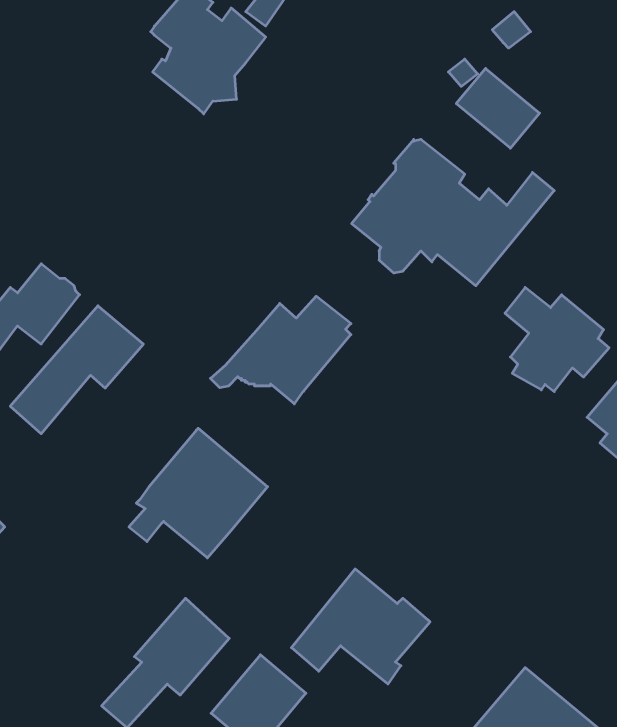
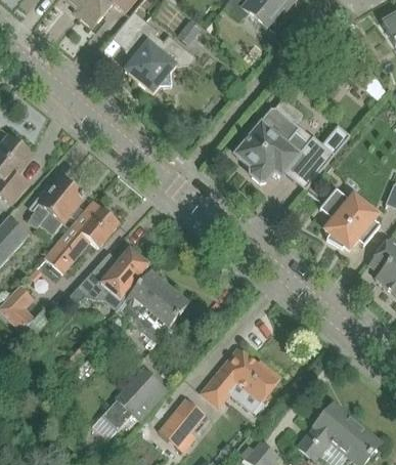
building: [456,68,540,148] -> none
building: [210,296,351,404] -> [71,249,149,309]

